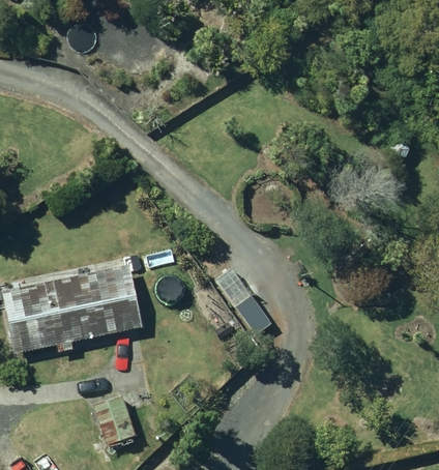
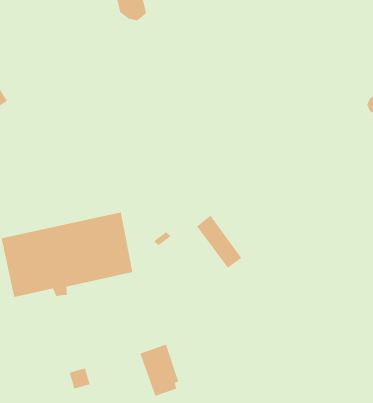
building: [94,394,137,450] -> [139,344,179,396]

